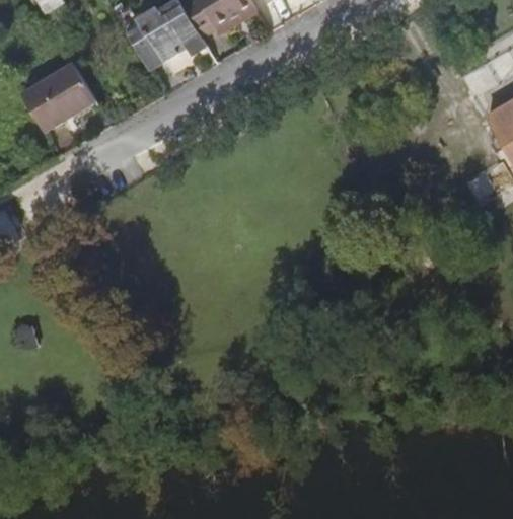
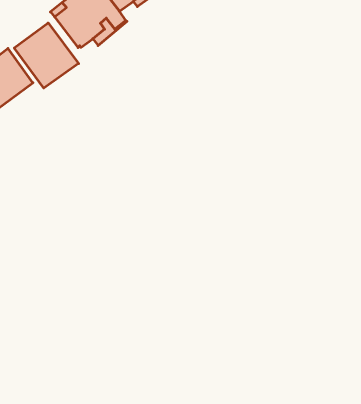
building: none -> [14,23,79,88]

